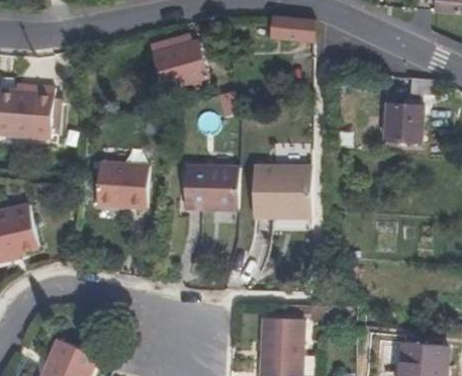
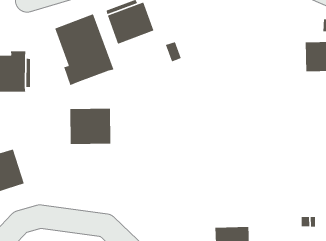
building: none -> [54,13,115,86]
building: [254,164,311,216] -> none
building: [184,166,239,210] -> none

